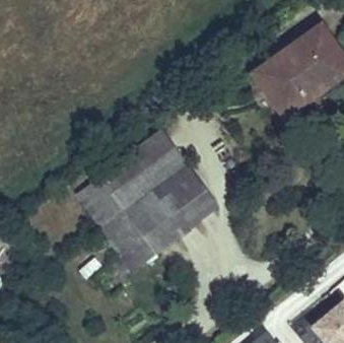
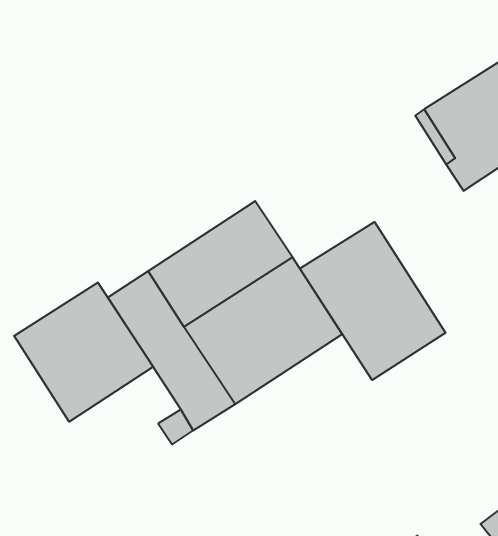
building: none -> [300,222,445,380]
building: none -> [14,282,153,422]

